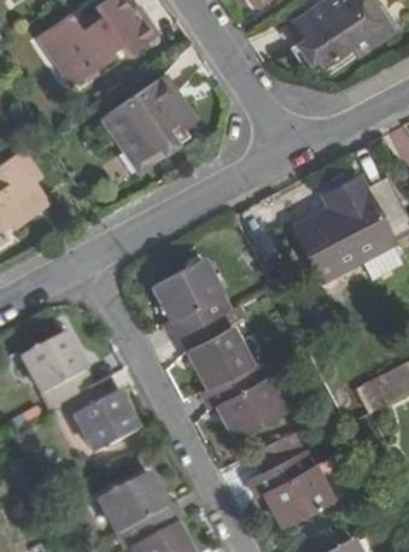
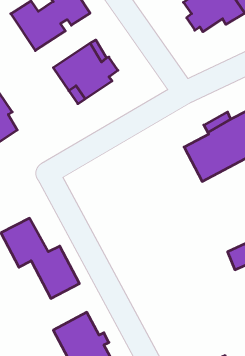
building: [156,258,285,435] -> none
building: [240,434,345,529] -> none

